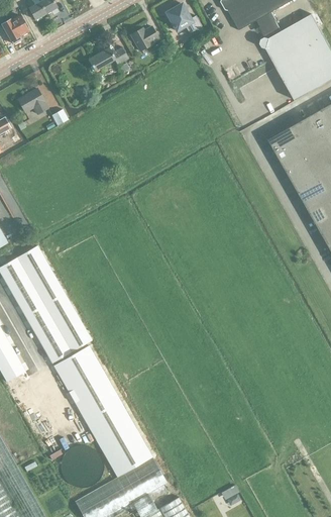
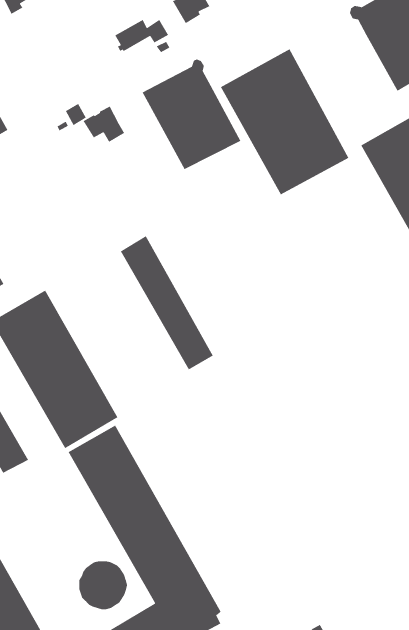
building: none -> [220,48,349,195]
building: none -> [142,59,241,170]
building: [17,88,48,115] -> [83,106,125,143]
building: none -> [120,235,214,371]

